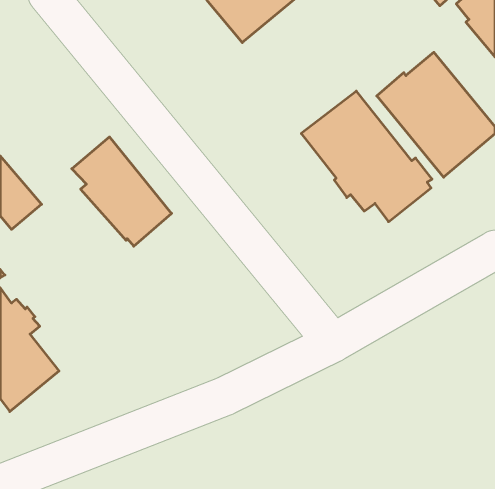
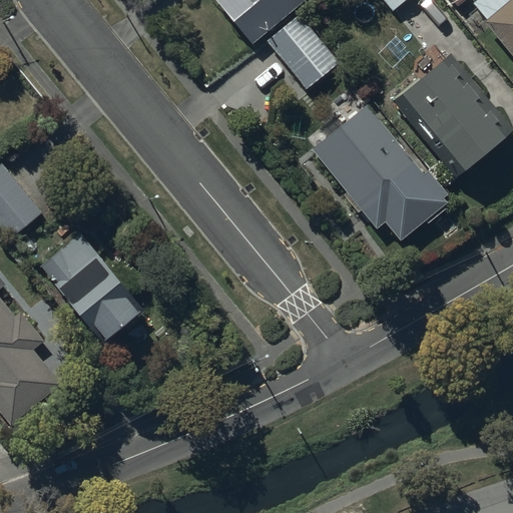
building: none -> [265,13,339,88]
building: [72,137,172,246] -> [39,232,142,346]

